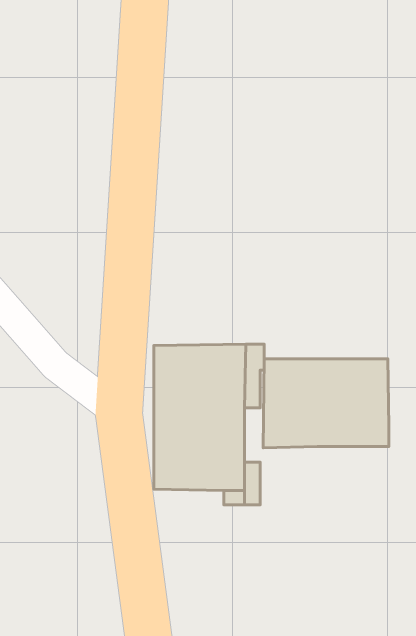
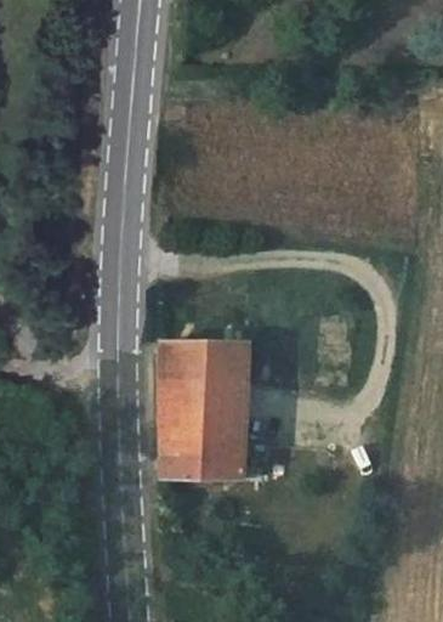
building: [263,359,389,448] -> none

